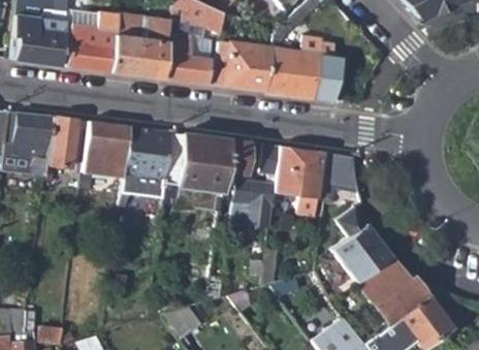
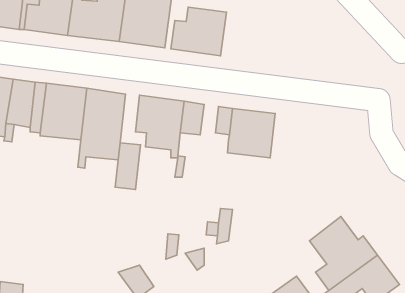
building: [266,47,338,100] -> none
building: [327,152,357,187] -> none
building: [233,177,275,225] -> none
building: [333,206,389,281] -> none

